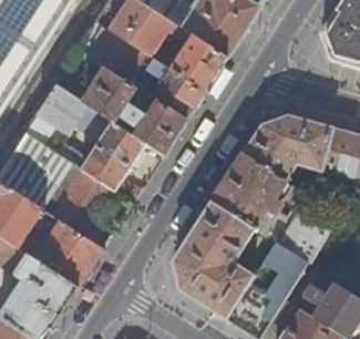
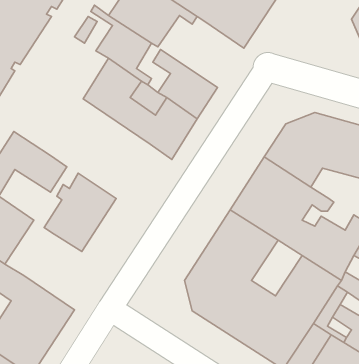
building: [160,35,226,93] -> none
building: [37,83,144,203] -> none
building: [33,220,102,288] -> none

